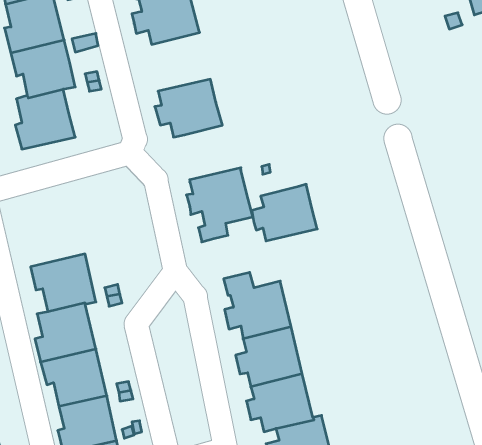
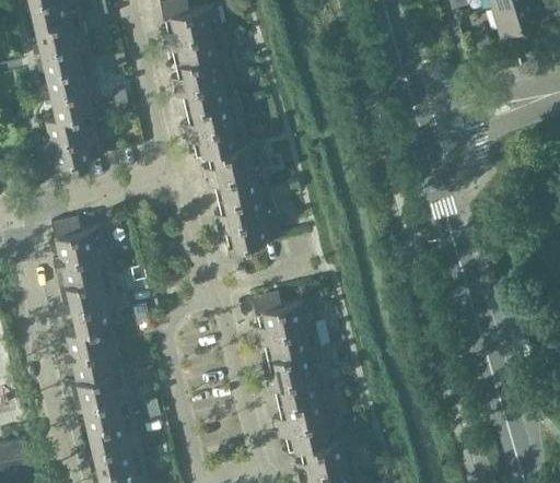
building: none -> [171,52,237,111]
building: [252,184,317,241] -> [202,143,268,200]
building: none -> [48,219,112,287]

